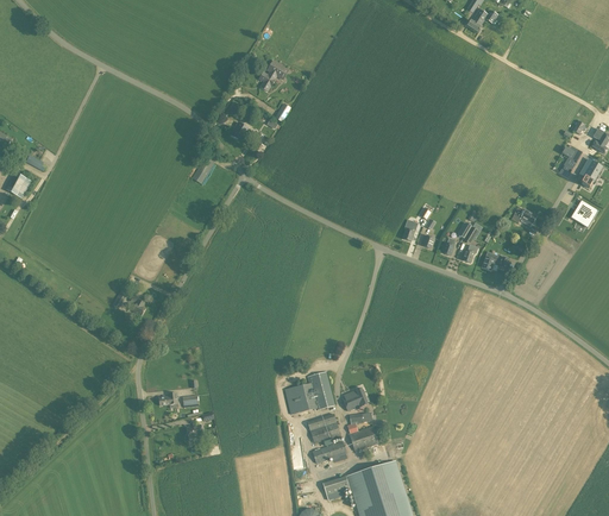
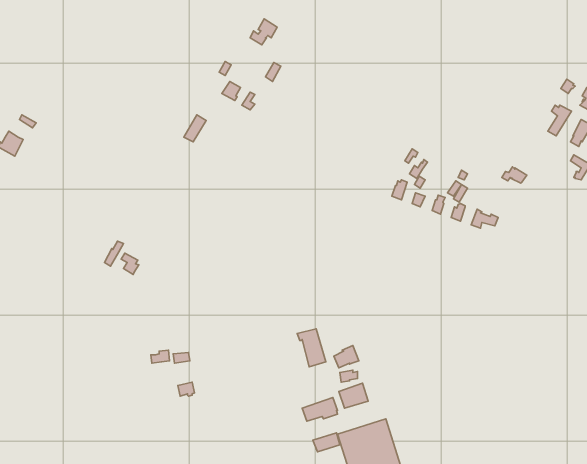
building: [284,383,316,414] -> none
building: [306,414,340,443] -> none

